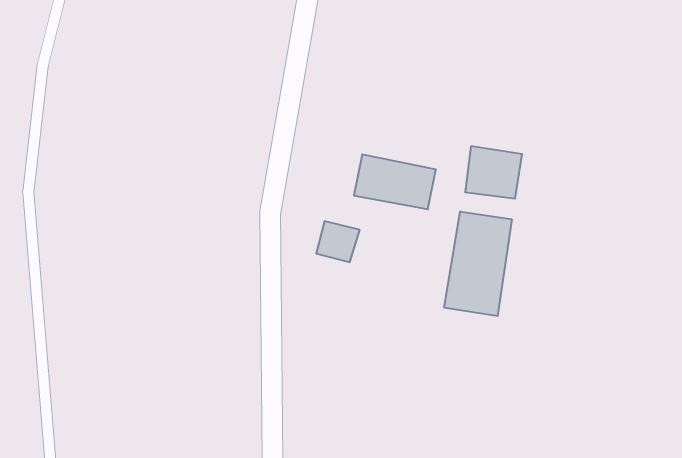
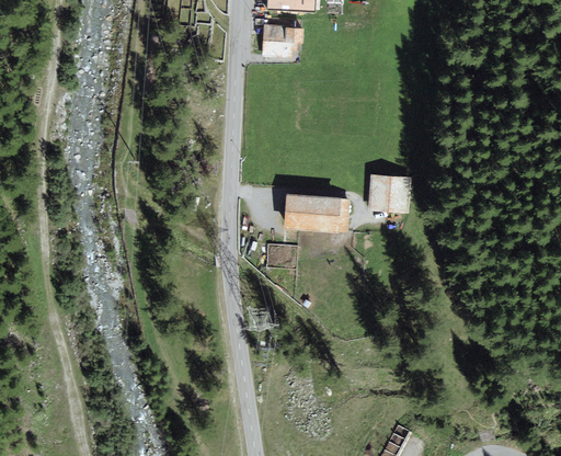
building: [444,211,512,316] -> none

